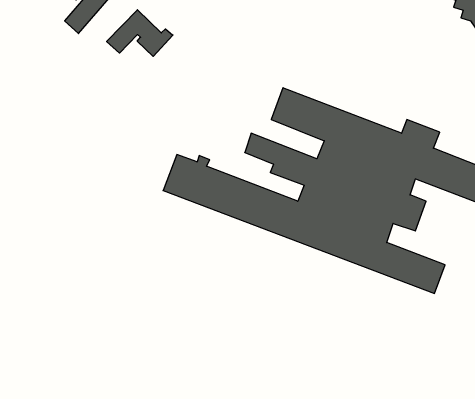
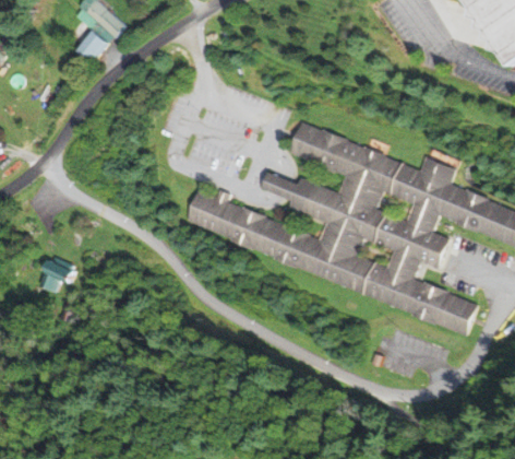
building: [107,10,173,56] -> none
building: none -> [37,257,83,293]

